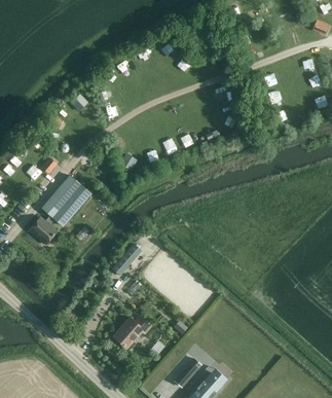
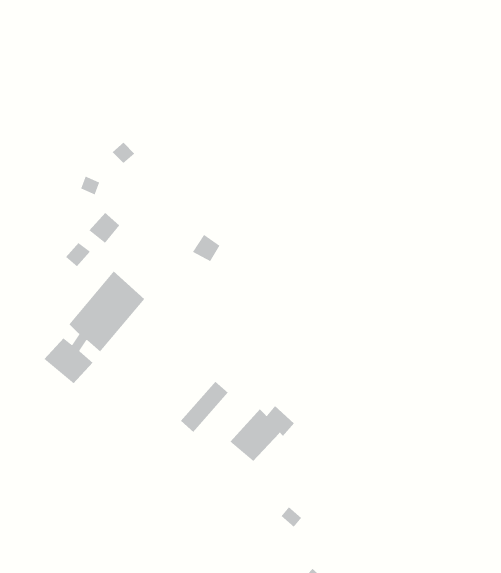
building: [112,314,152,349] -> [230,405,295,462]

